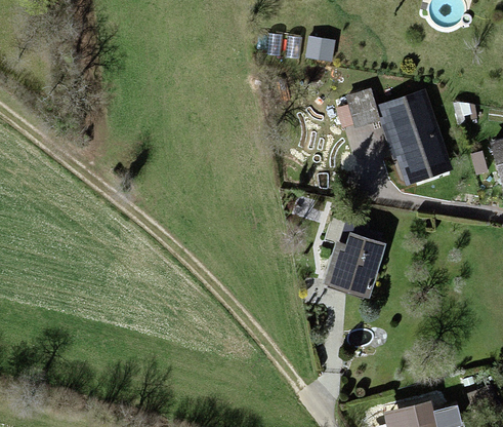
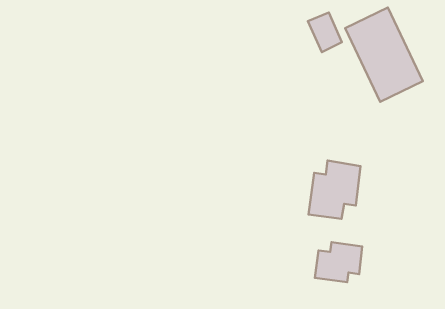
building: none -> [315,242,362,282]

